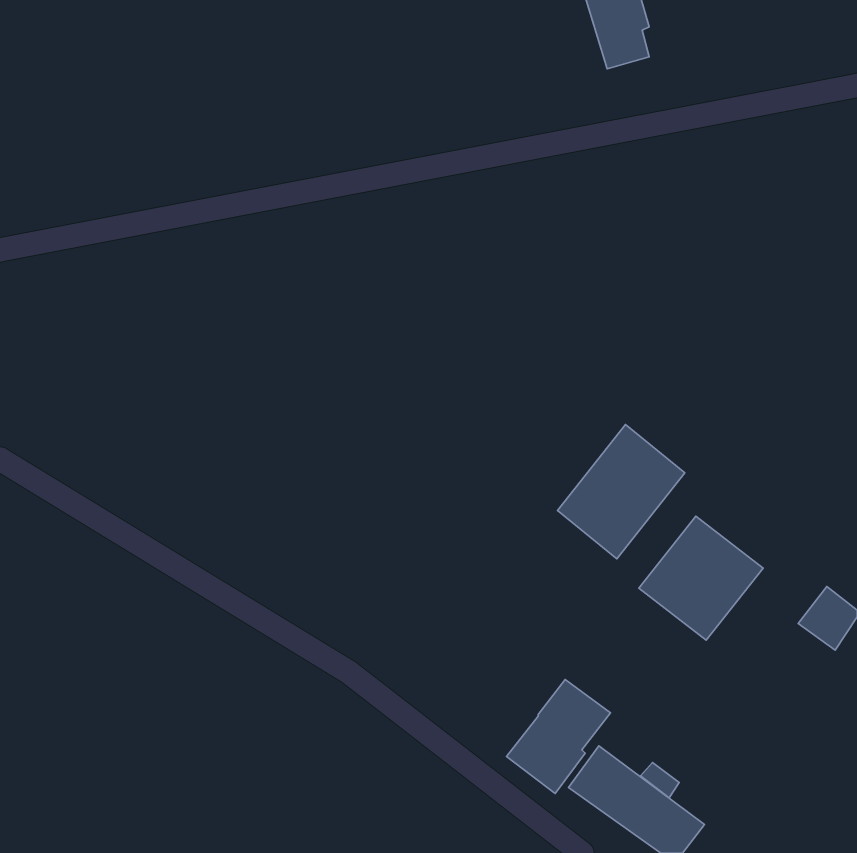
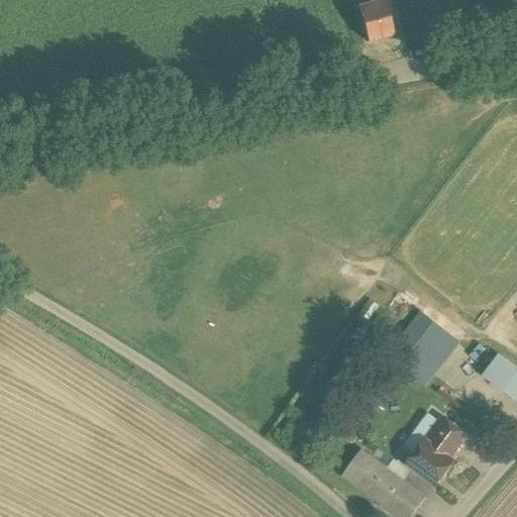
building: [557,425,685,559] -> none
building: [506,679,610,793] -> [405,416,468,485]

